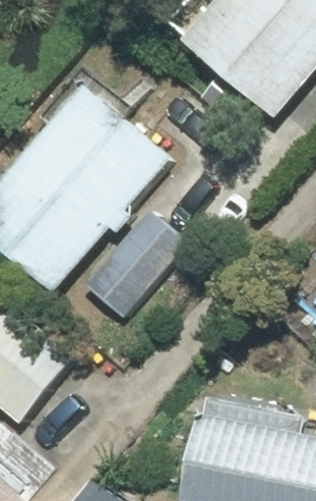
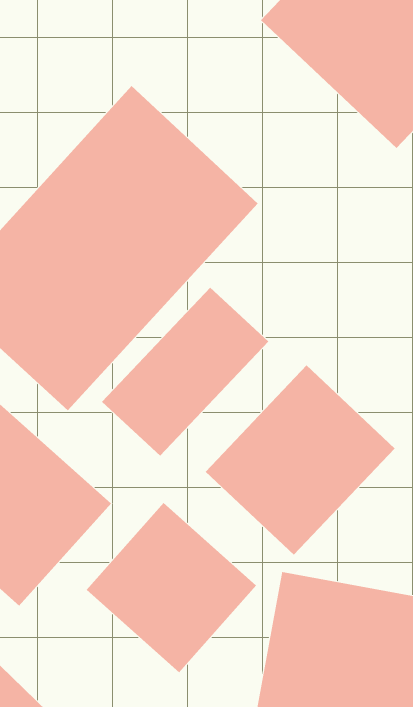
building: none -> [205,364,396,556]
building: none -> [86,502,257,673]

